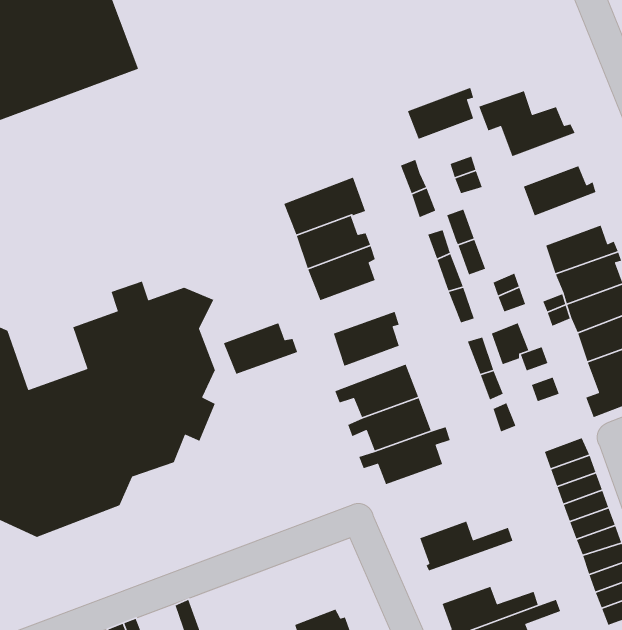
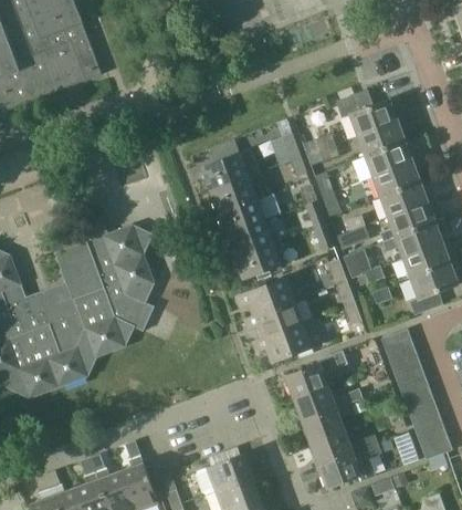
building: [407,87,474,140] -> [358,118,405,155]
building: none -> [374,159,420,196]
building: [223,322,298,375] -> [225,220,277,257]
building: none -> [283,351,346,398]
building: none -> [301,405,350,444]

